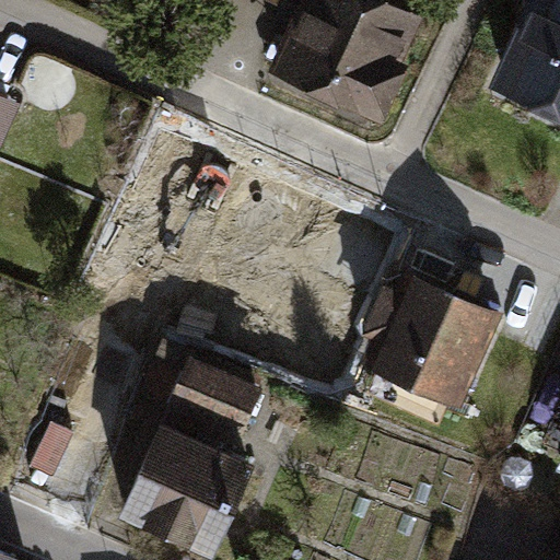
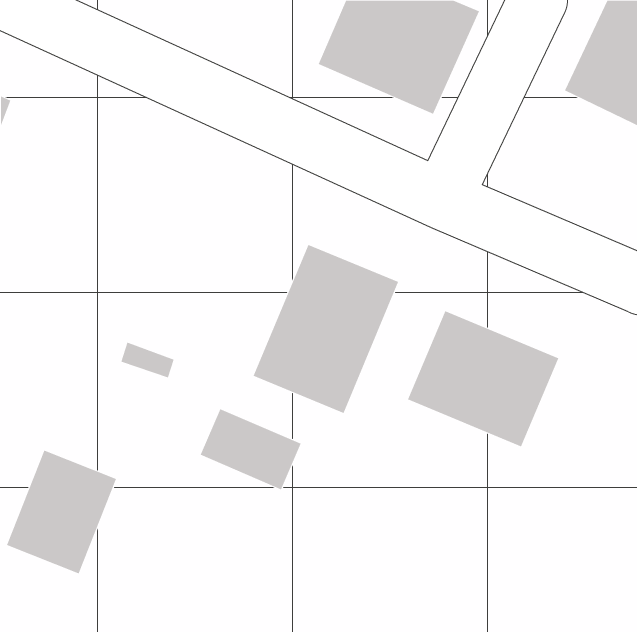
building: none -> [253,244,399,414]
building: [118,432,247,553] -> none

